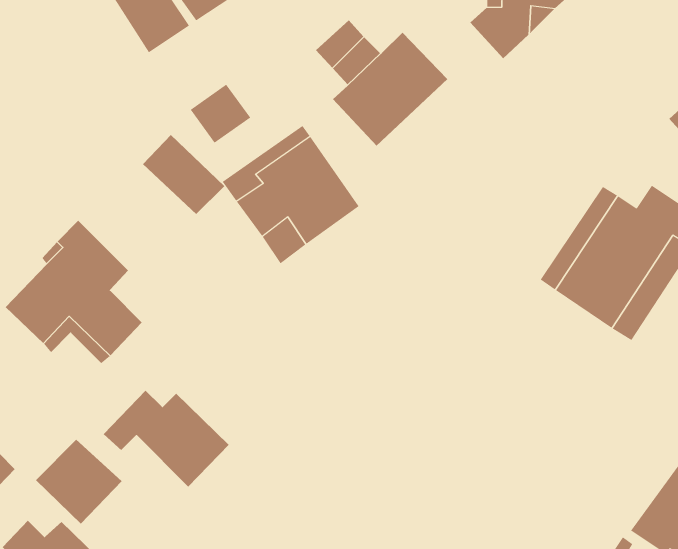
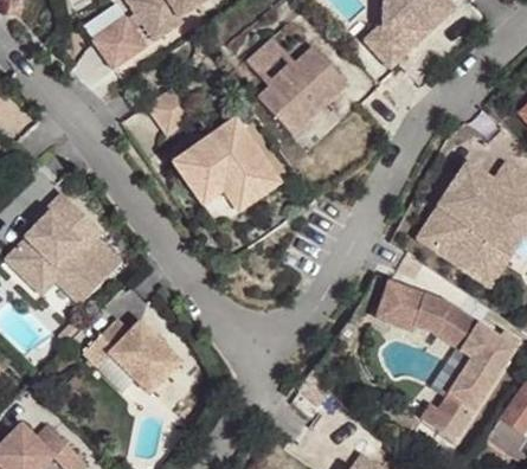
building: [142,134,225,215] -> none
building: none -> [375,281,515,439]
building: [35,439,123,524] -> none

